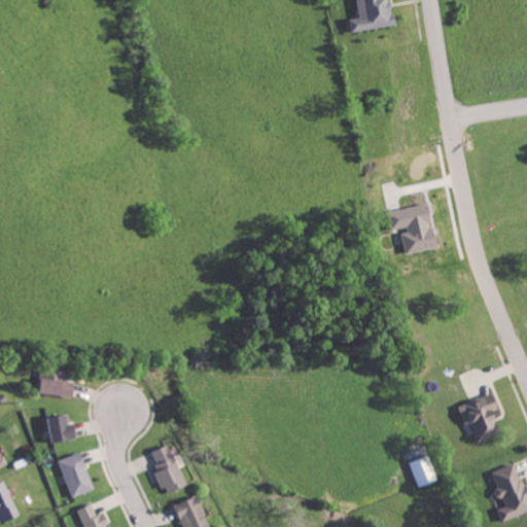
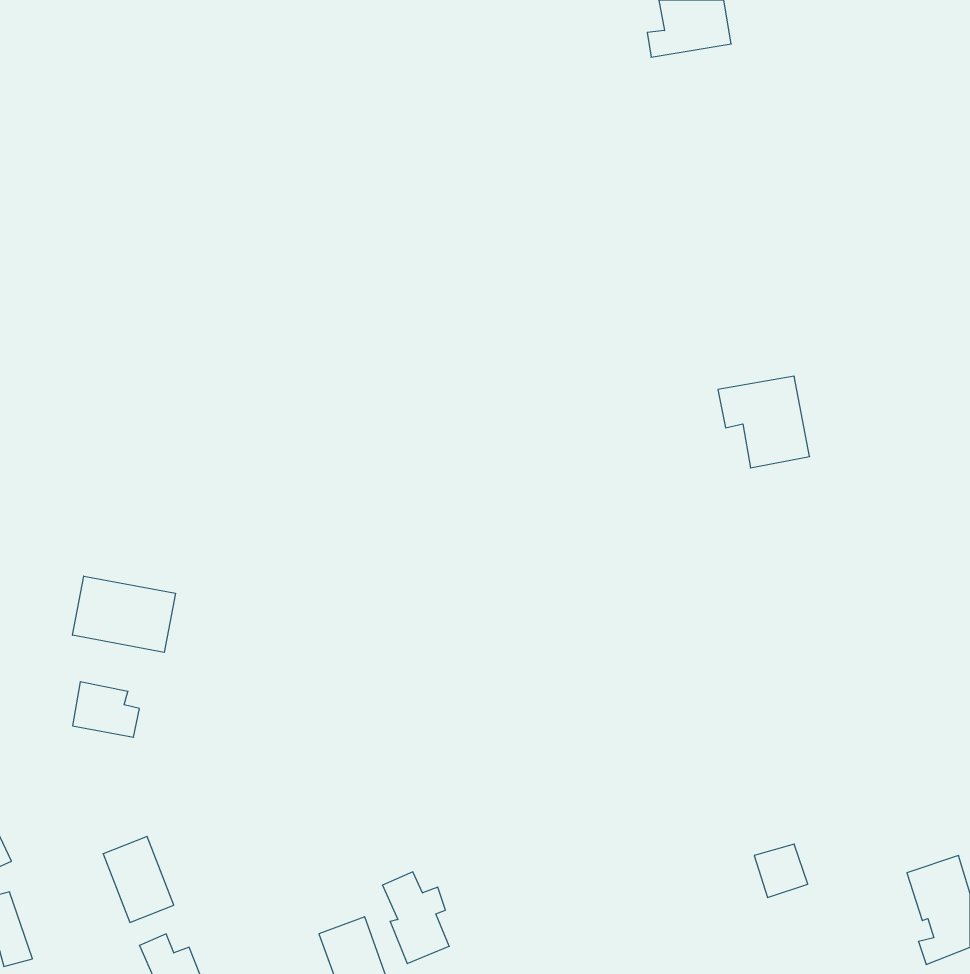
building: none -> [73,576,175,652]
building: [456,392,501,443] -> none
building: [49,415,79,442] -> none
building: [149,445,185,494] -> [382,872,449,964]

